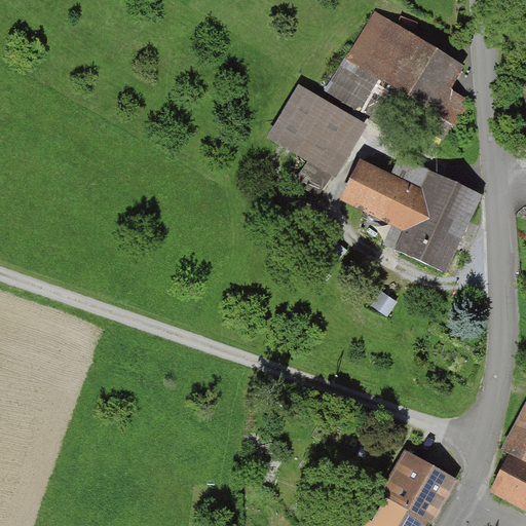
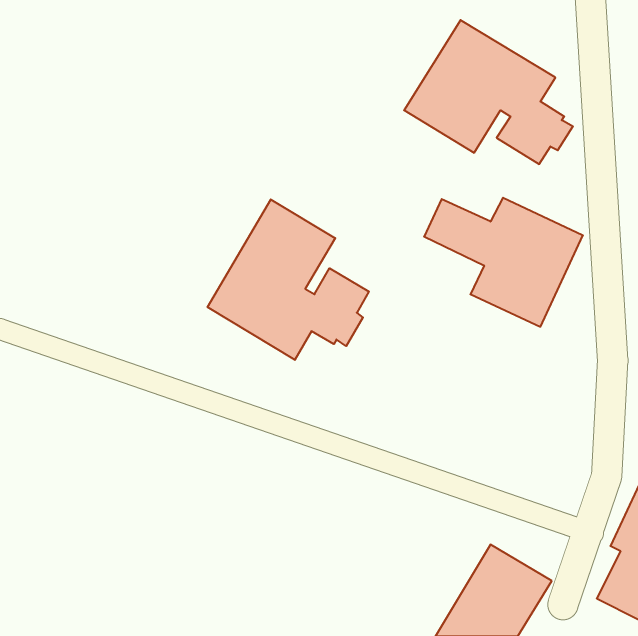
building: [278,96,356,193] -> none
building: none -> [208,199,369,360]

